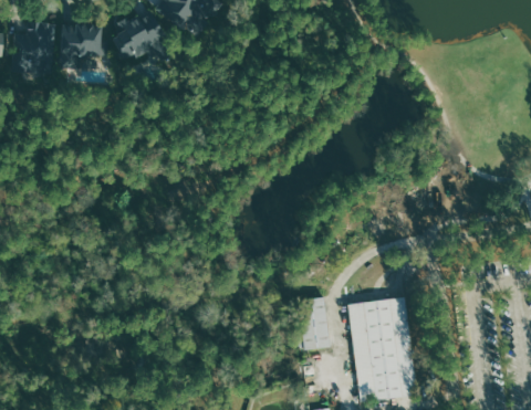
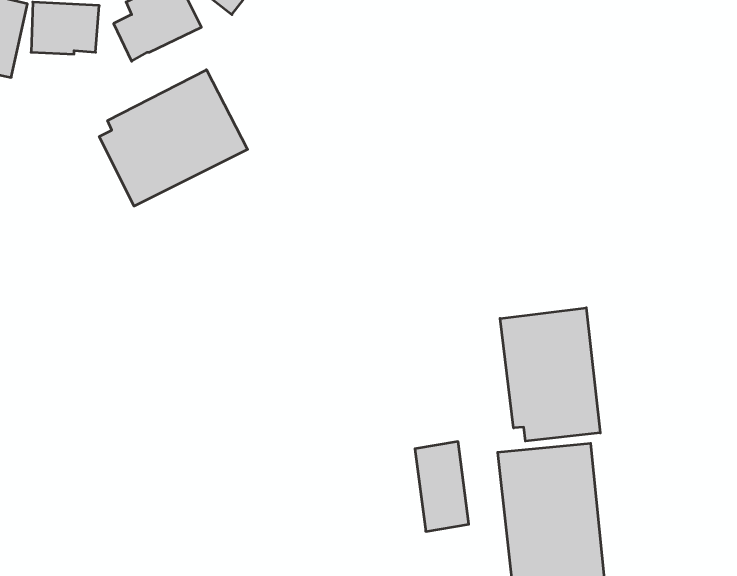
building: none -> [99,70,248,206]
building: none -> [500,308,600,441]

